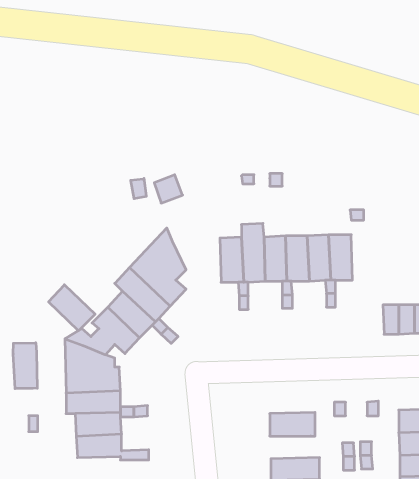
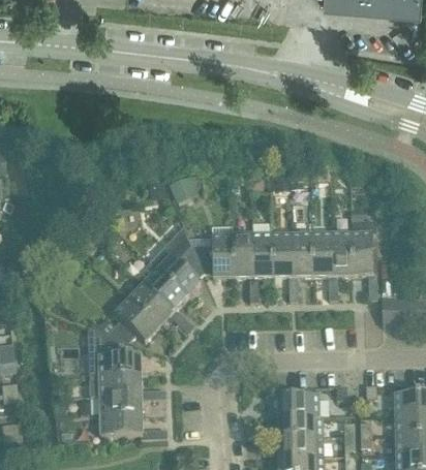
building: none -> [351,224,376,301]
building: none -> [187,229,232,280]
building: [49,285,95,331] -> none
building: [13,343,37,389] -> none
building: none -> [276,418,322,440]

